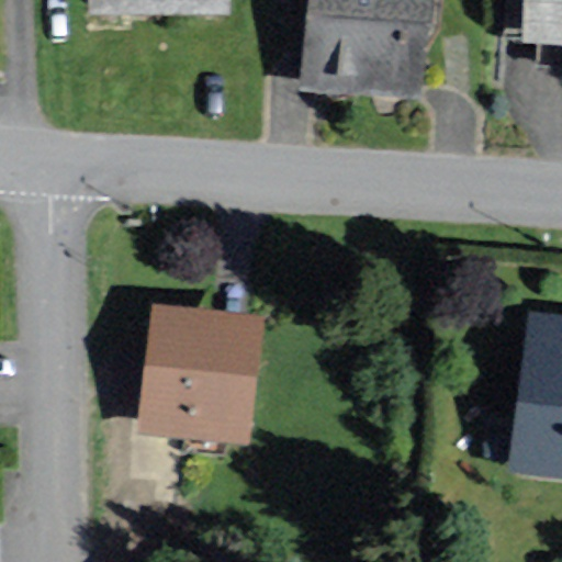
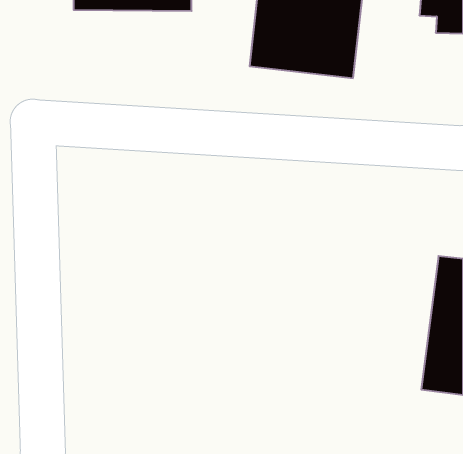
building: [144,312,261,440] -> none

